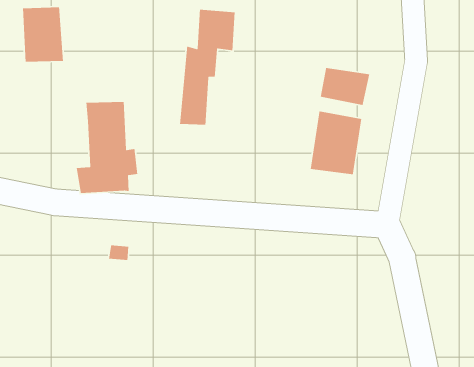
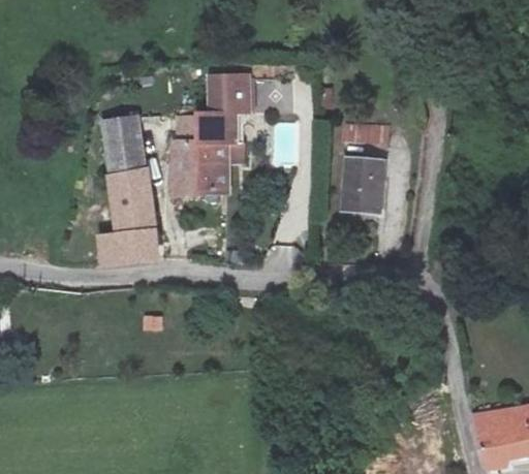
building: [22,7,64,62] -> [102,118,148,176]
building: none -> [176,112,205,190]

